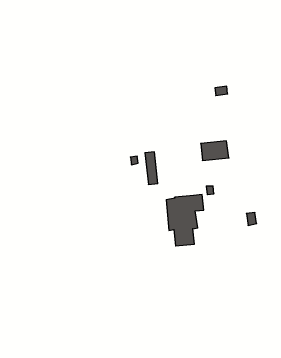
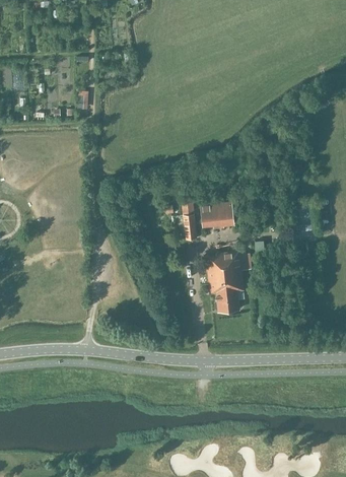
building: [201,141,229,160] -> [201,203,234,226]

